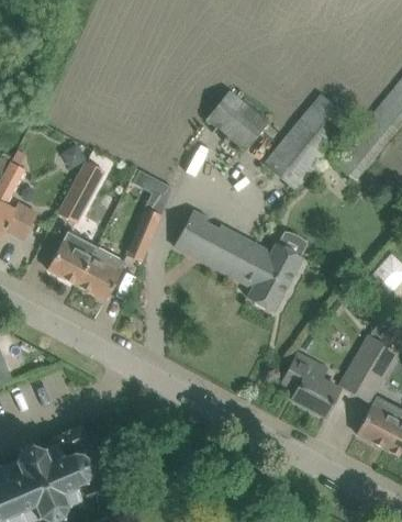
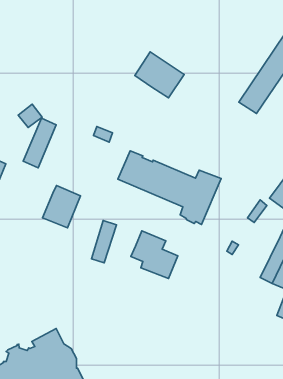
building: [264,95,351,189] -> none
building: [125,208,160,260] -> [91,221,117,263]
building: [46,231,91,285] -> none
building: [280,353,338,415] -> [131,231,178,279]

